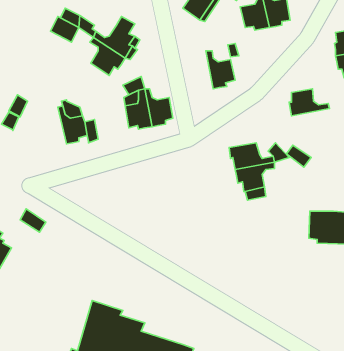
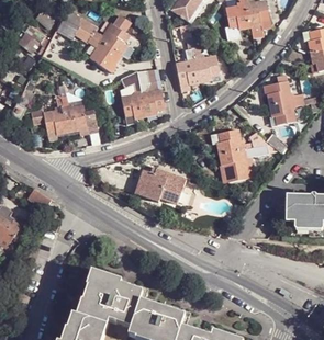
building: none -> [175,47,200,83]
building: none -> [42,98,68,134]
building: none -> [270,99,304,125]
building: none -> [134,169,187,204]

